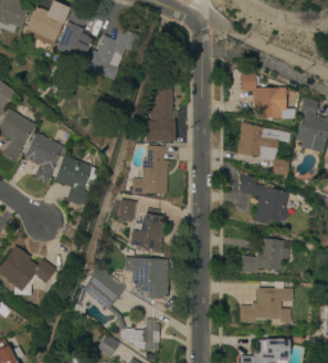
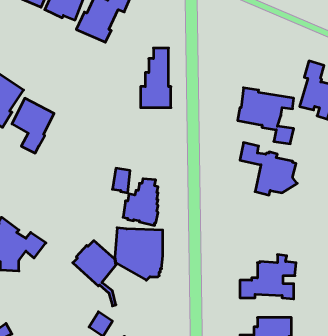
building: [242,72,287,117] -> none
building: [131,145,167,193] -> none
building: [55,155,99,205] -> none
building: [241,237,288,272] -> none
building: [123,318,160,350] -> none

